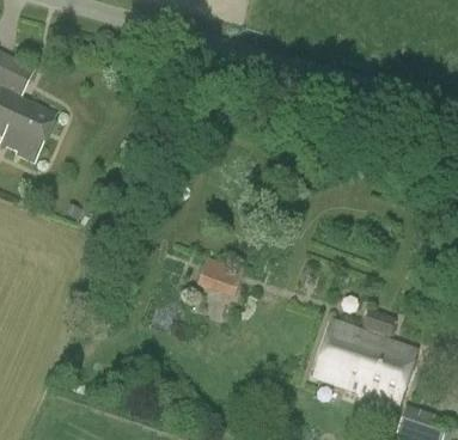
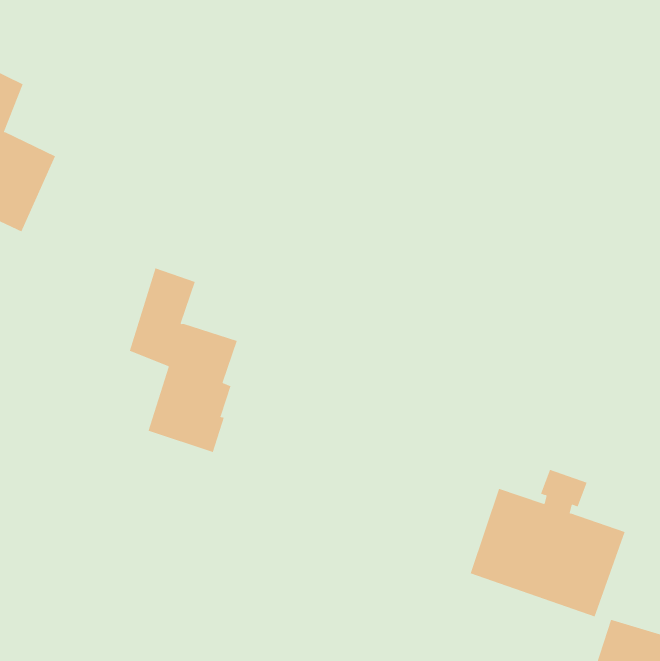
building: none -> [129,268,237,453]
building: [199,256,245,297] -> none

